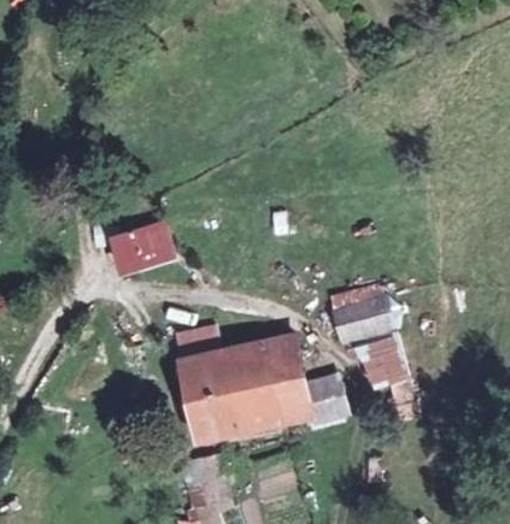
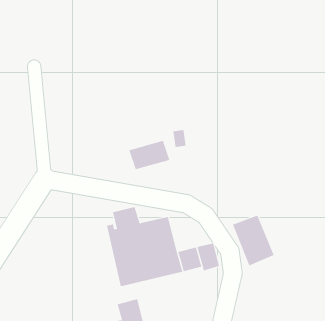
building: [111,224,171,267] -> [129,140,170,170]
building: [333,295,392,342] -> none
building: [264,334,305,393] -> none

